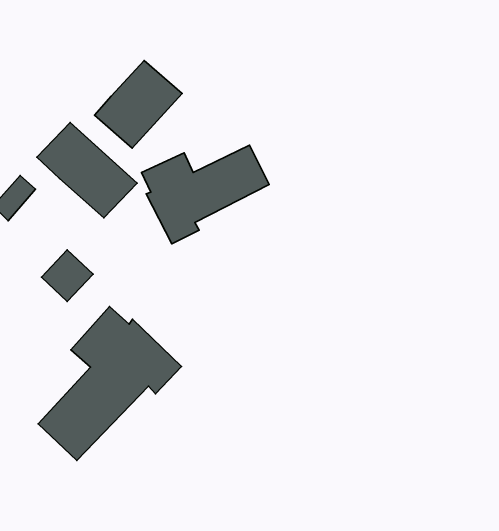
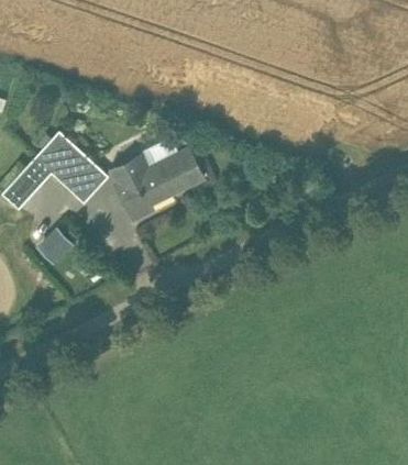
building: [94,60,182,148] -> none
building: [38,307,181,460] -> none

